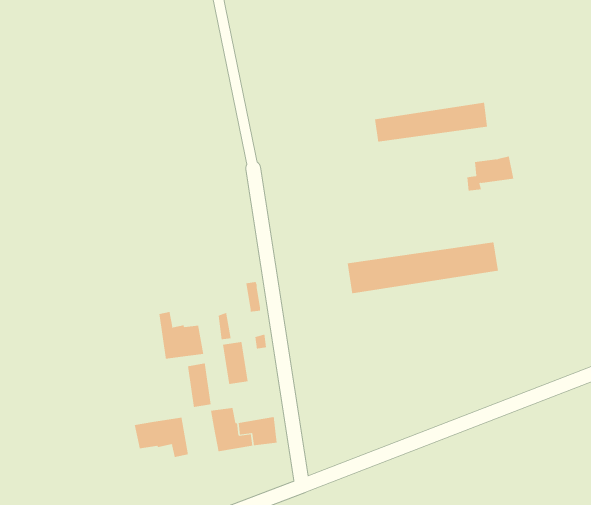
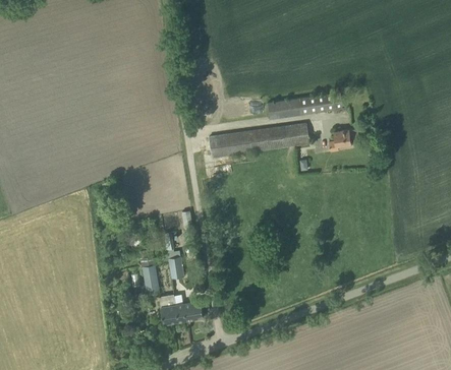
building: [347,242,499,294] -> [208,122,308,157]
building: [159,311,204,359] -> none
building: [134,417,188,458] -> none

